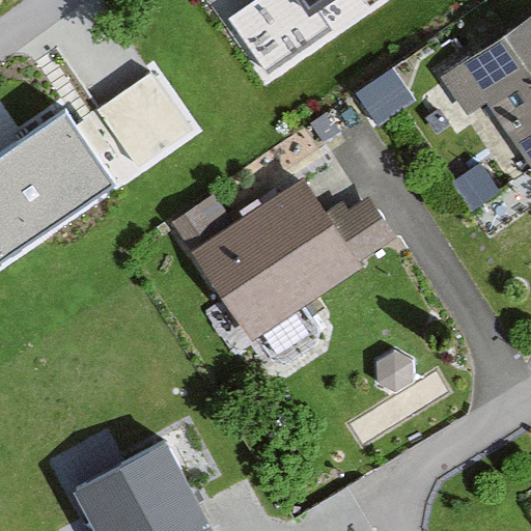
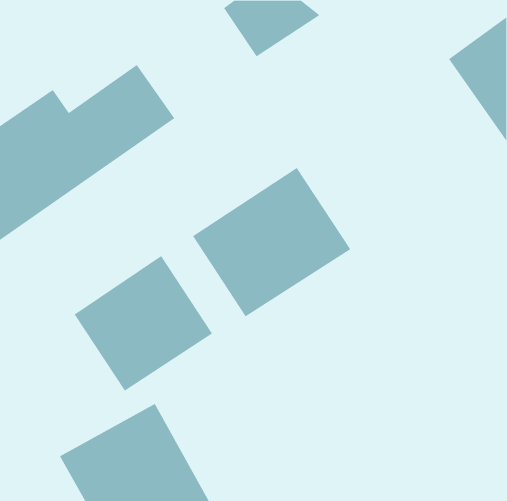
building: none -> [74,255,213,392]

